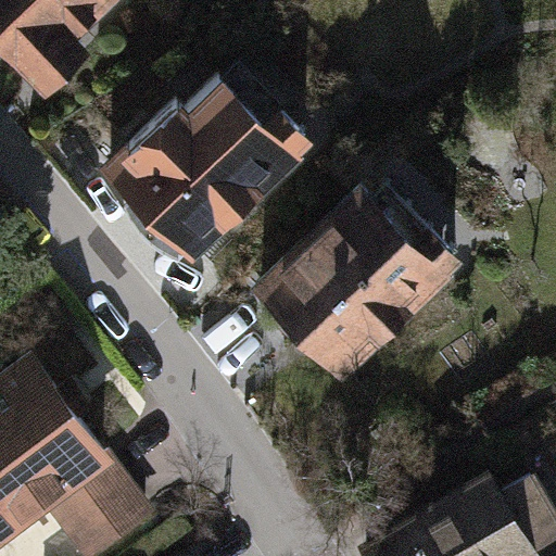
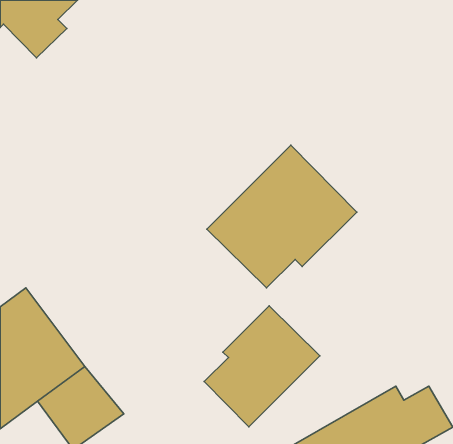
building: [106,81,307,269] -> none
building: none -> [204,306,320,427]

